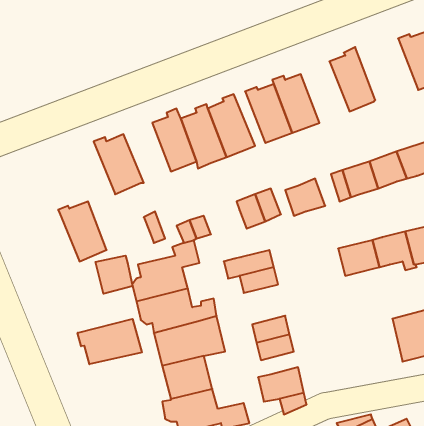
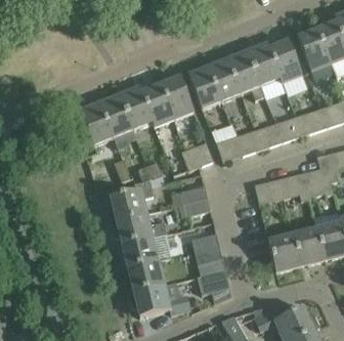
building: none -> [268,37,302,83]
building: none -> [225,50,265,99]
building: [58,201,107,261] -> [98,94,133,137]
building: [95,256,133,294] -> none
building: none -> [267,235,299,271]
building: [78,319,142,364] -> none

